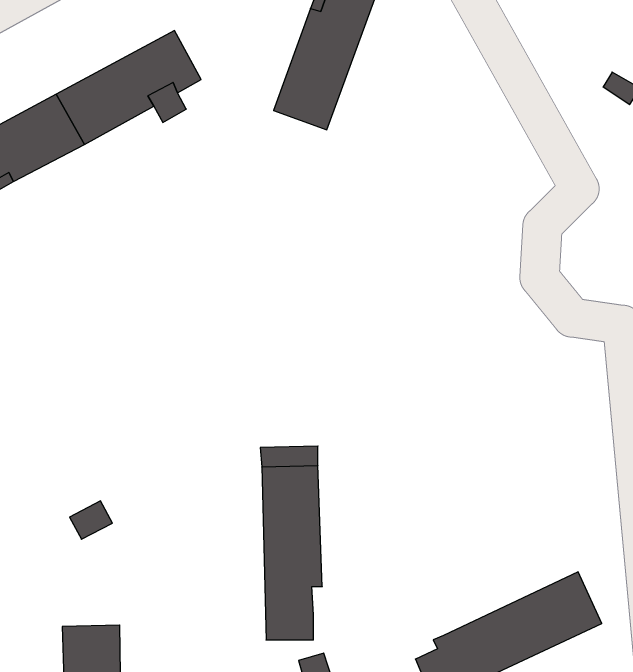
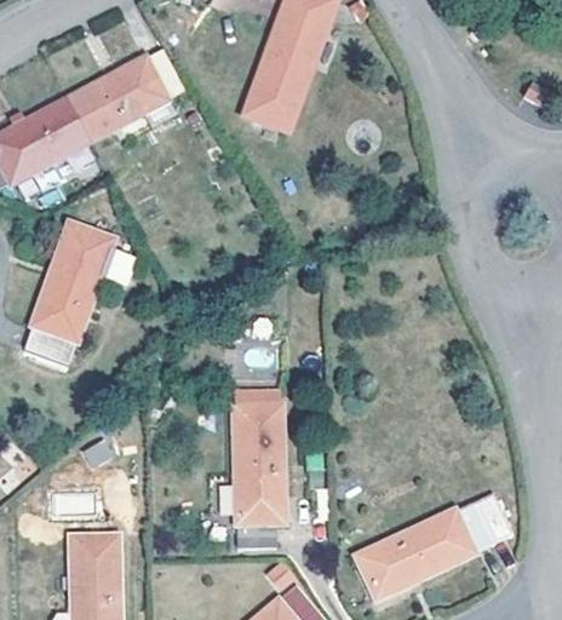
building: none -> [23,224,111,364]

